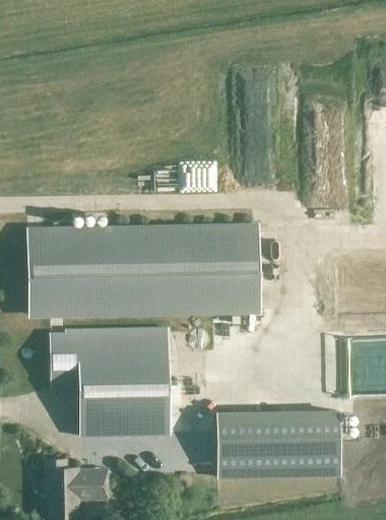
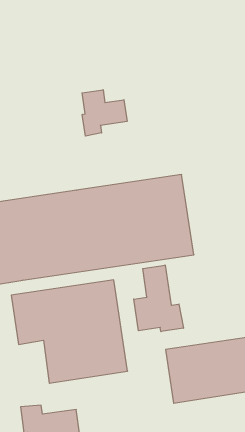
building: none -> [82,90,127,136]
building: none -> [134,265,183,332]

